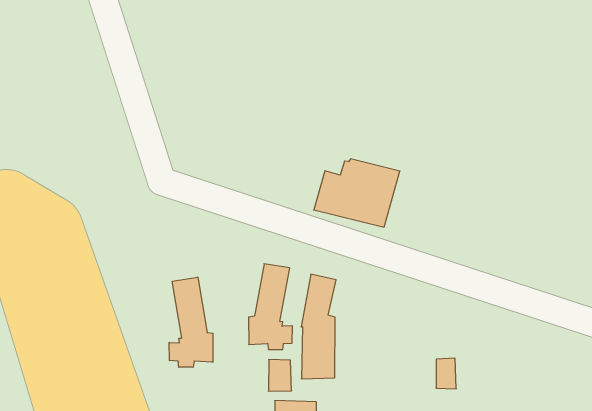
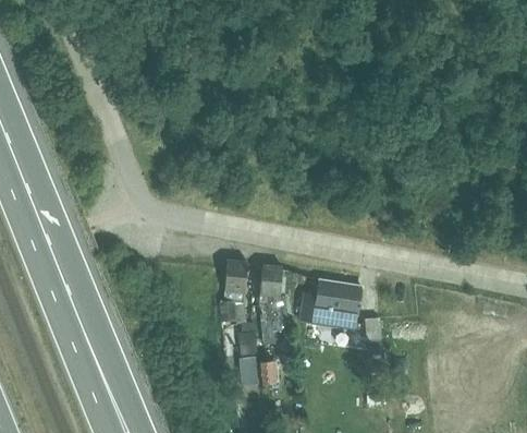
building: [314,159,400,227] -> [298,279,360,328]
building: [169,277,213,367] -> none

